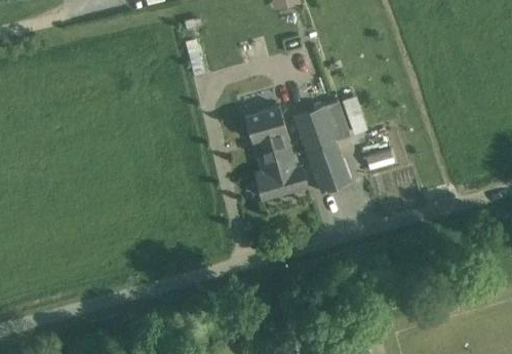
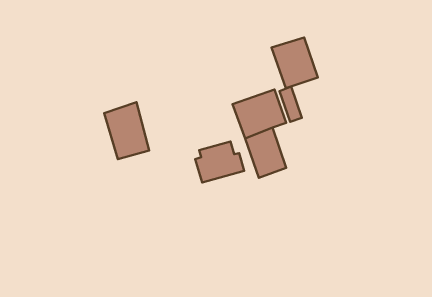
building: none -> [272,37,318,88]
building: [244,104,291,163] -> [104,102,149,159]

